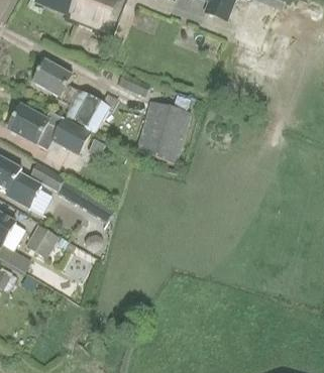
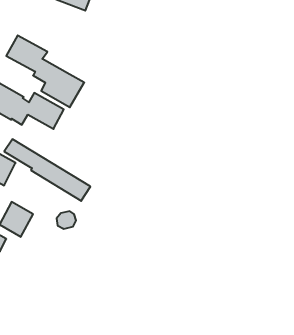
building: [134,100,191,162] -> none

